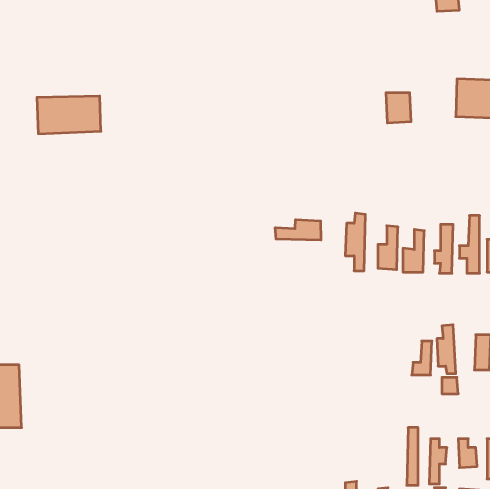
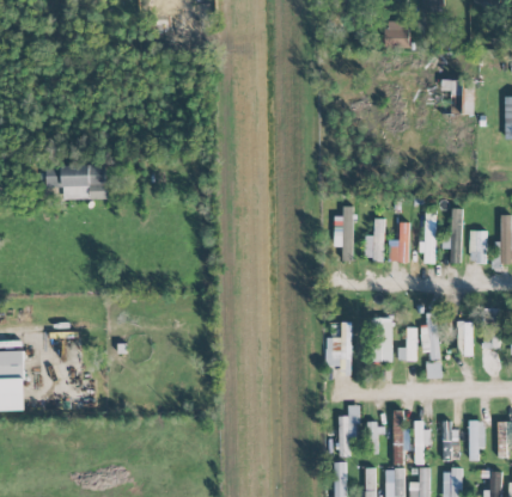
building: [386,93,411,123] -> [385,20,409,49]
building: [37,96,101,134] -> [45,164,106,200]
building: [275,220,321,240] -> none
building: none -> [371,317,392,362]
building: none -> [325,321,352,369]
building: none -> [339,405,359,455]

